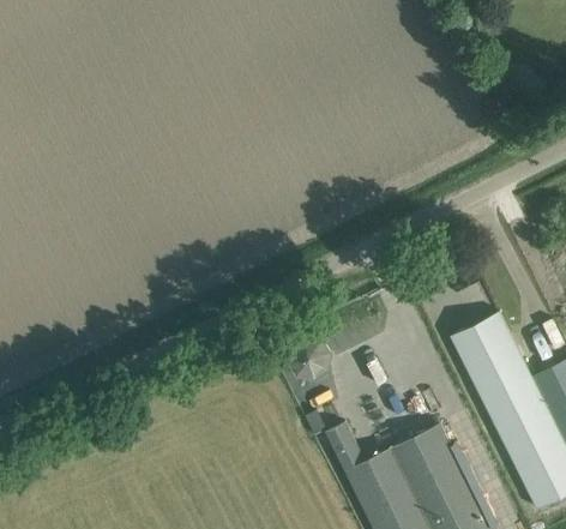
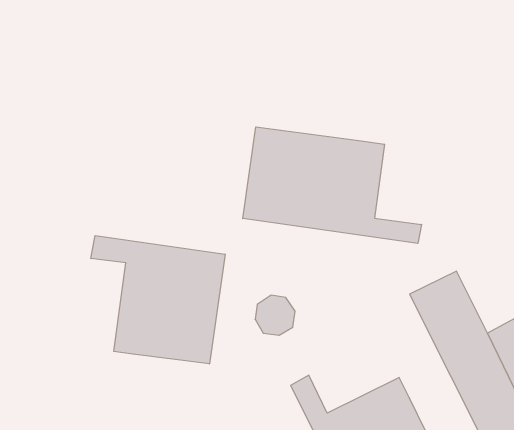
building: none -> [243,127,422,243]
building: none -> [91,236,225,364]

